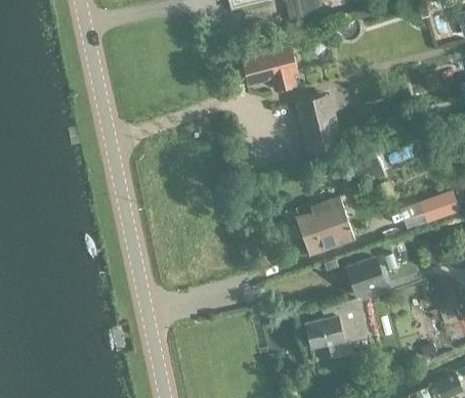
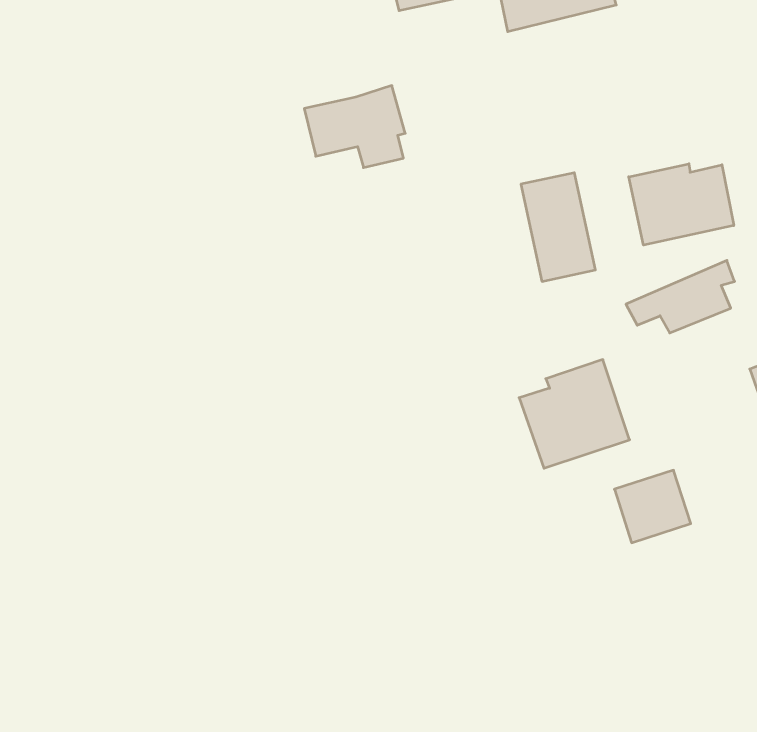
building: [243,46,297,90] -> [304,86,405,168]
building: none -> [629,164,734,245]
building: [304,299,370,359] -> none

